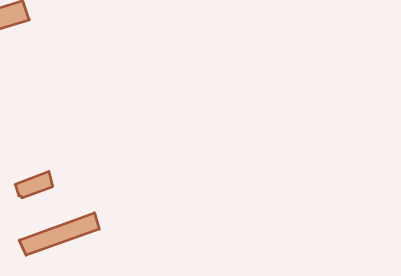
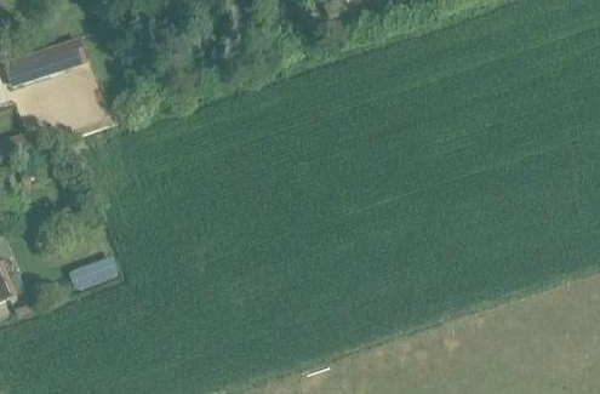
building: [19,213,99,255] -> none

